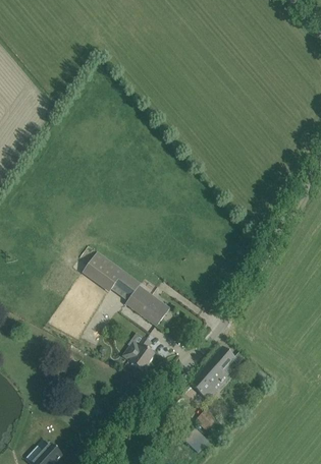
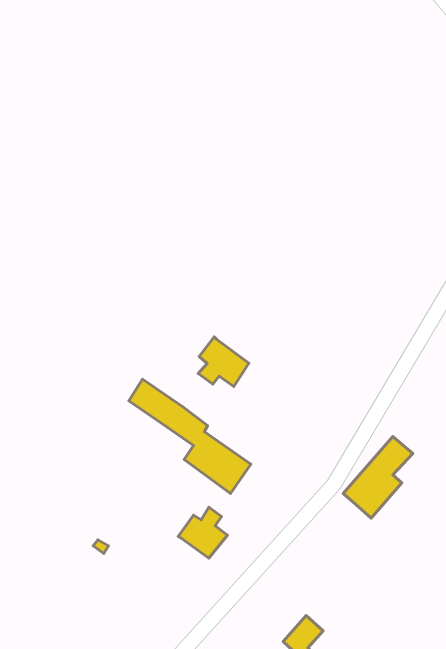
building: none -> [198,337,249,387]
building: [190,346,235,400] -> [343,436,413,518]

